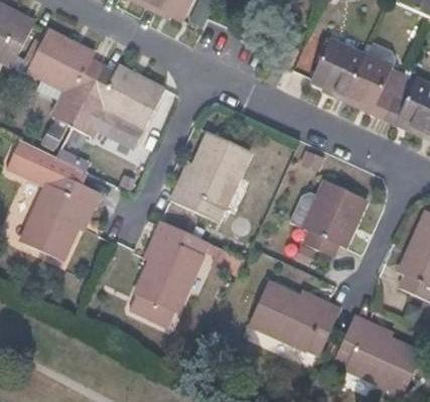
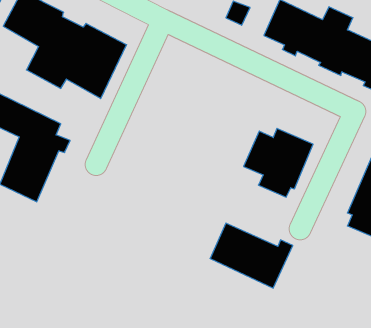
building: [170,133,248,221] -> none
building: [131,223,207,325] -> none
building: [336,315,422,391] -> none

